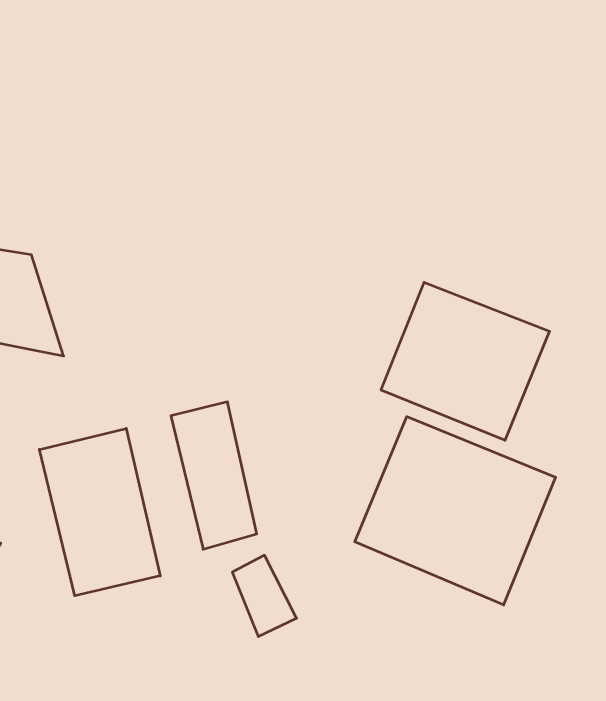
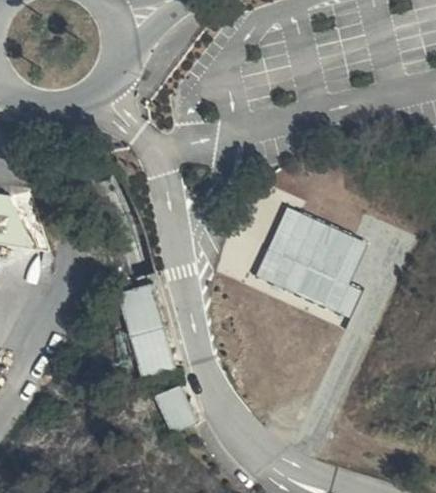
building: [355,417,556,605] -> none
building: [39,428,160,596] -> none

